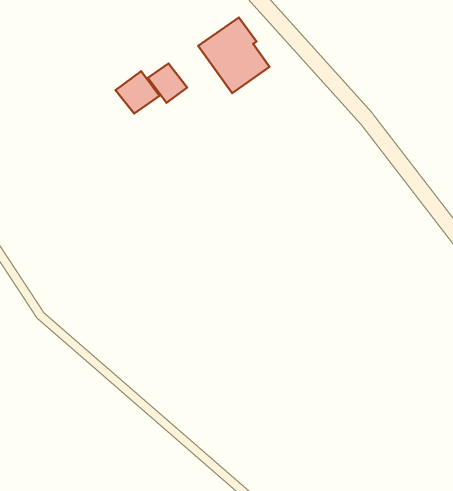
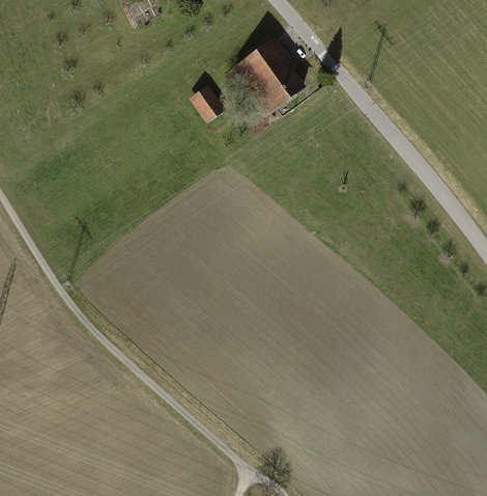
building: [116,71,160,114] -> none

